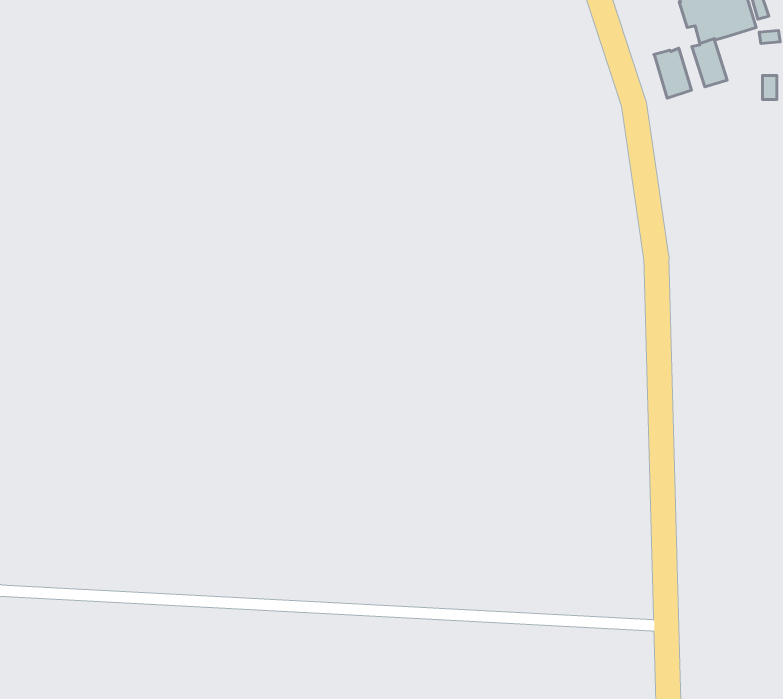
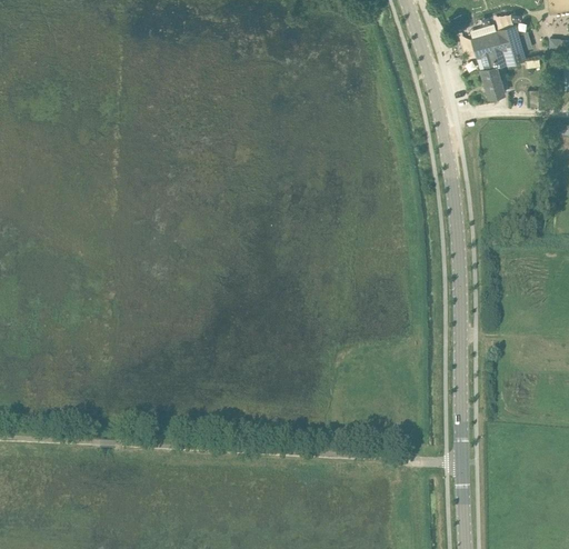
building: [654,48,691,98] -> none

